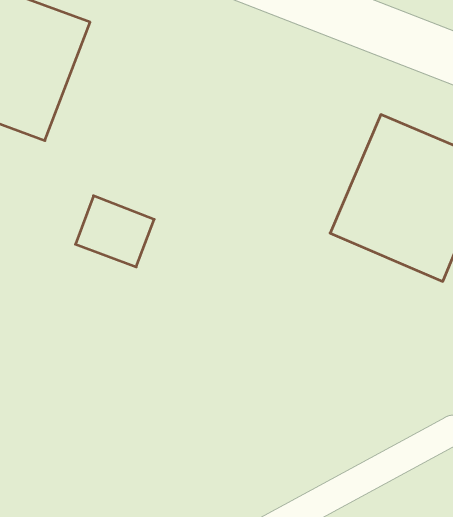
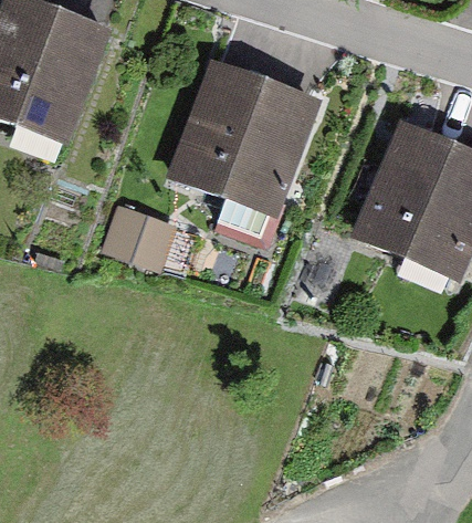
building: none -> [166,57,323,219]

